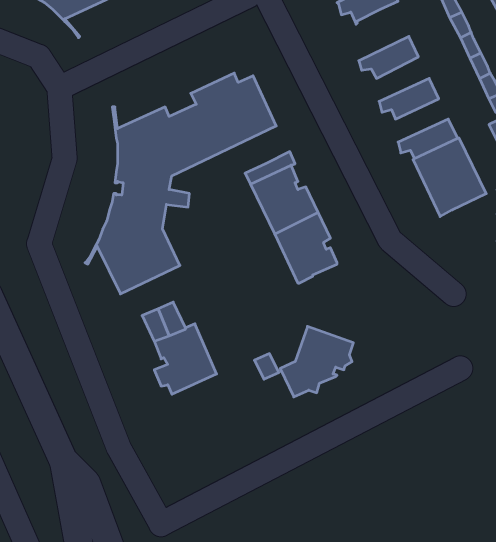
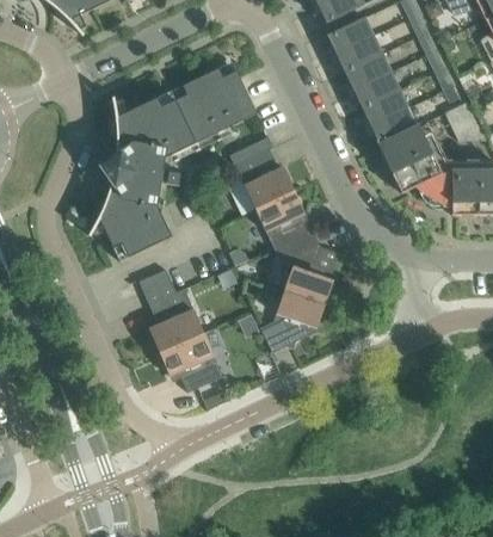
building: none -> [322,16,372,55]
building: none -> [340,51,390,91]
building: none -> [358,88,407,126]
building: none -> [276,232,332,303]
building: none -> [162,331,222,390]

